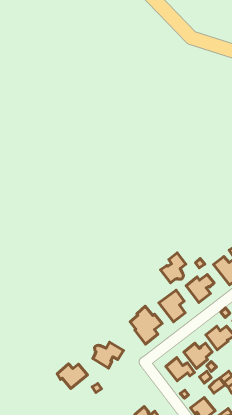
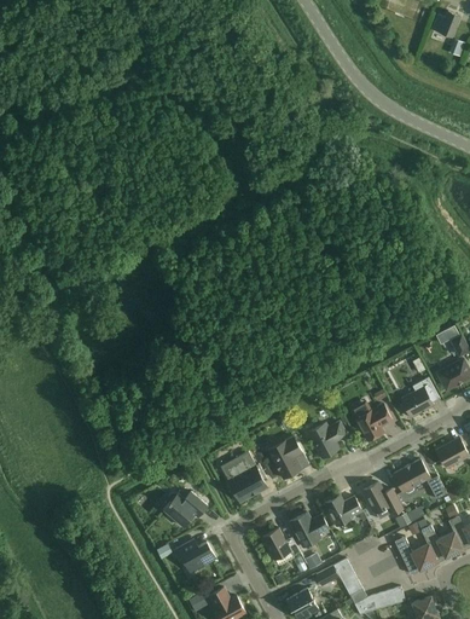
building: [160,253,186,283] -> none
building: [57,364,87,388] -> [175,538,216,572]

